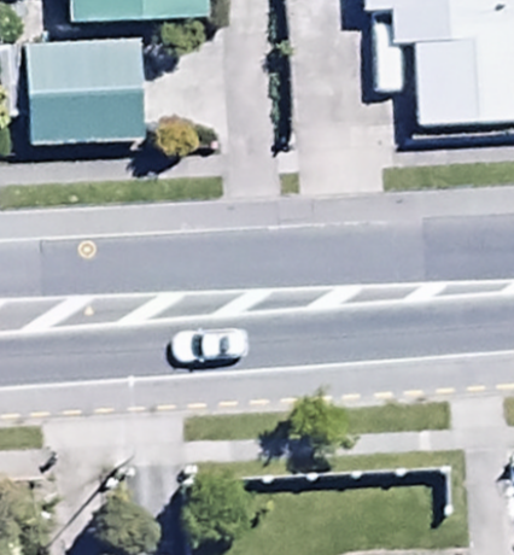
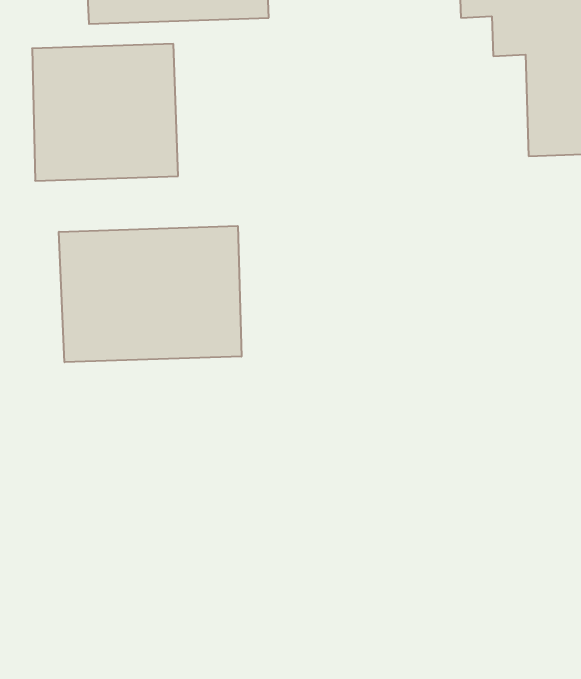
building: none -> [59,226,241,362]

